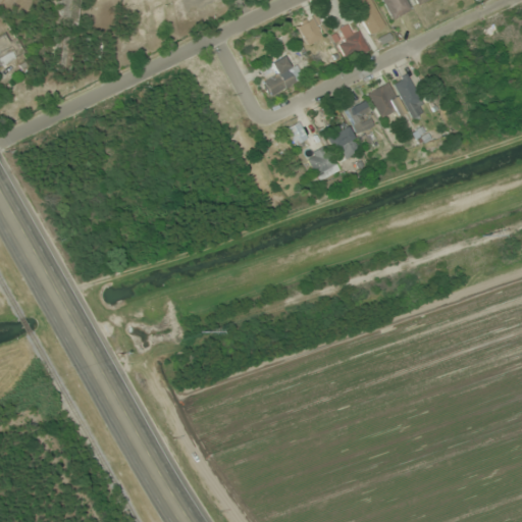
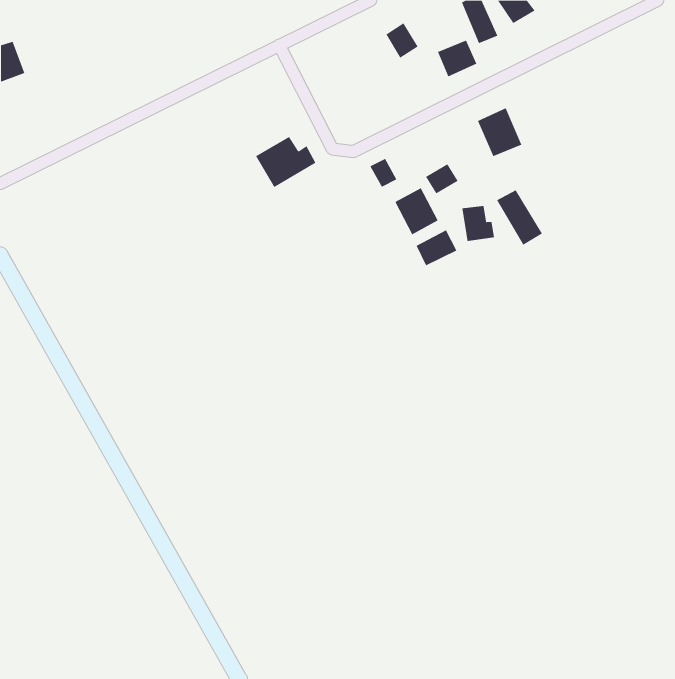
building: [257,56,304,96] -> [255,136,316,188]
building: [393,74,428,117] -> [496,190,543,245]
building: [349,104,374,132] -> [461,206,495,241]
building: none -> [416,230,457,266]

